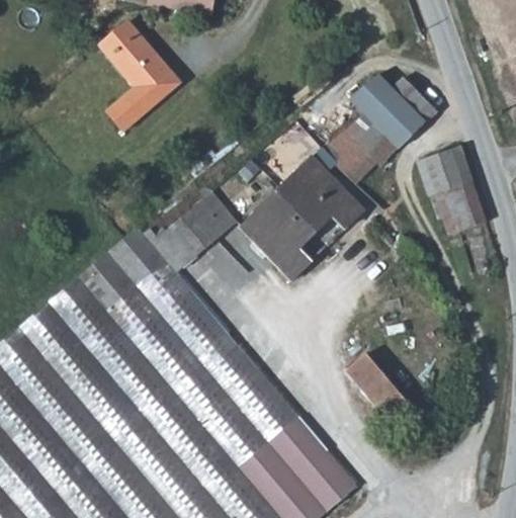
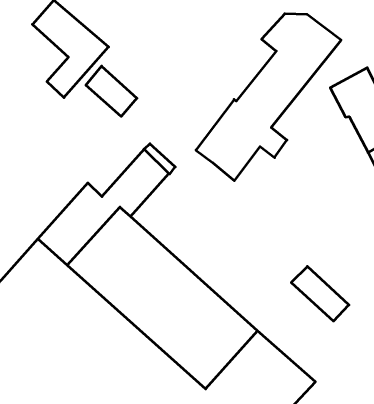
building: none -> [86,66,137,116]
building: [241,208,310,279] -> none

